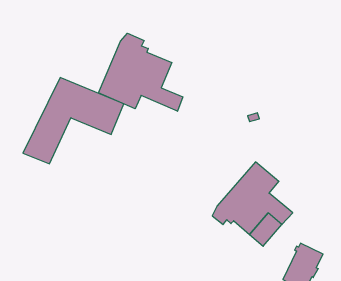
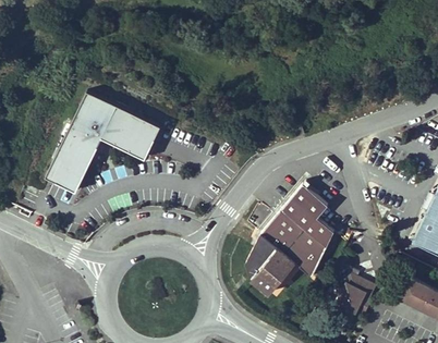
building: [99,33,183,111] -> none
building: none -> [246,245,296,296]

